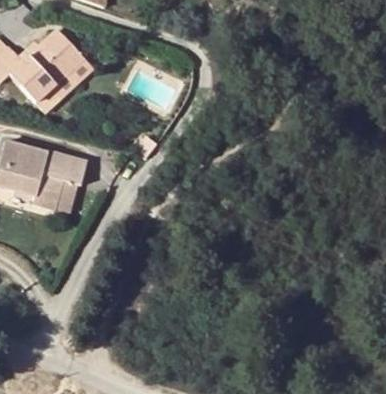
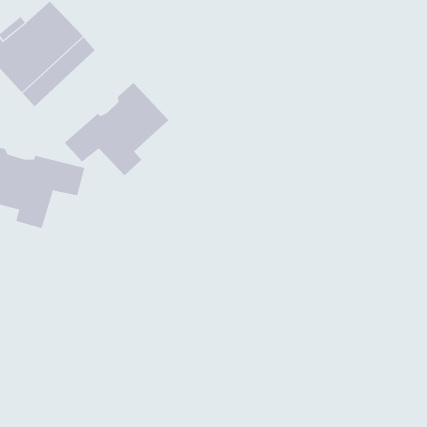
building: none -> [64,82,169,176]

